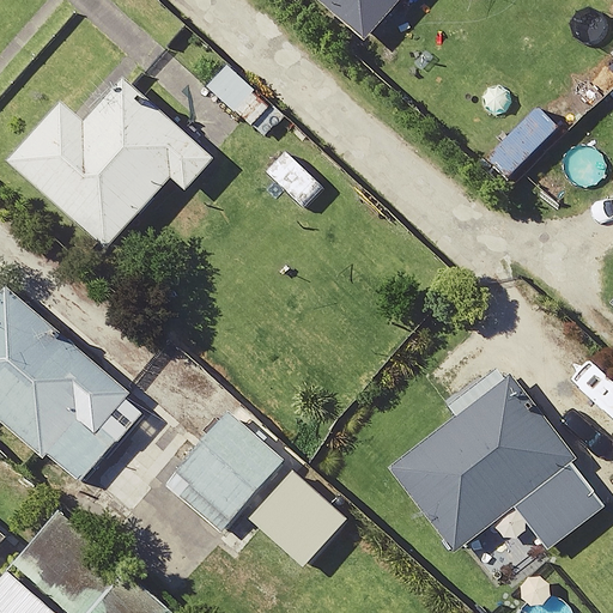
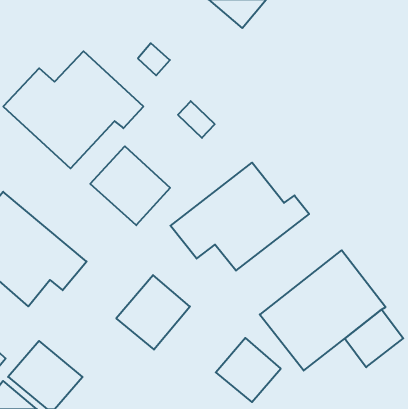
building: none -> [90,146,170,225]
building: none -> [170,163,309,271]
building: [249,472,346,568] -> [216,338,281,402]

